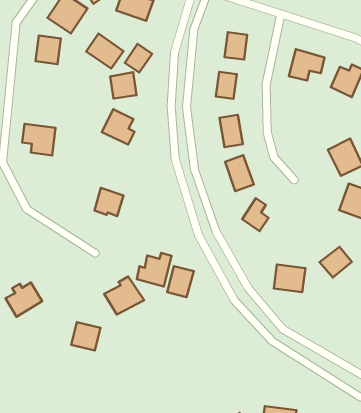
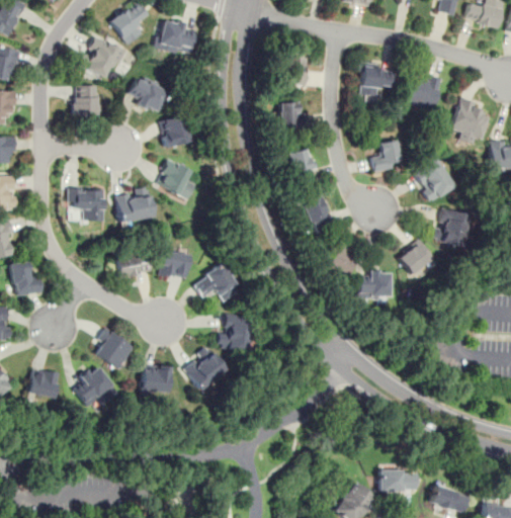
building: [125,44,152,73] -> none
building: none -> [370,141,402,173]
building: none -> [116,188,153,222]
building: none -> [115,252,153,279]
building: none -> [194,263,241,303]
building: [319,247,352,278] -> [398,241,434,276]
building: none -> [95,326,135,370]
building: [274,264,305,292] -> [358,271,391,298]
building: [167,266,194,297] -> none
building: [71,322,100,351] -> [142,364,172,394]

